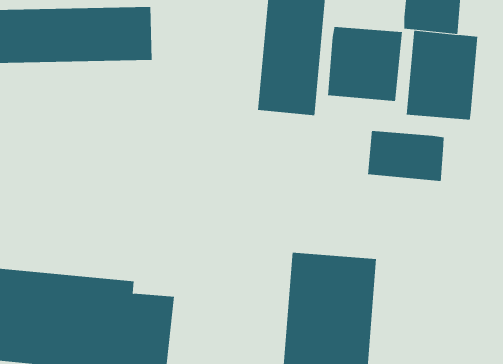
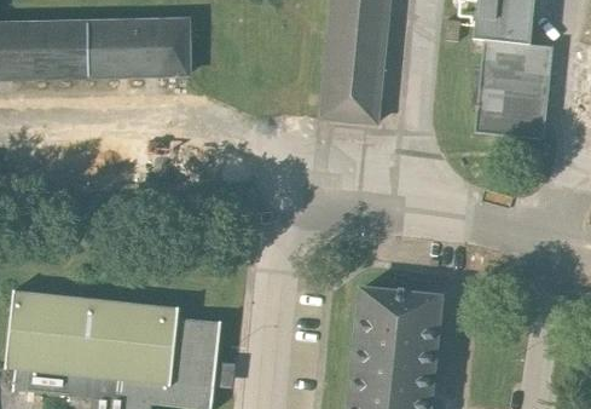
building: [328,26,402,102] -> none
building: [367,130,444,182] -> none

